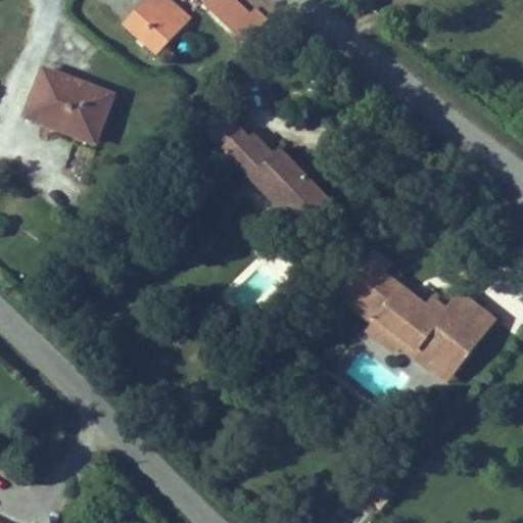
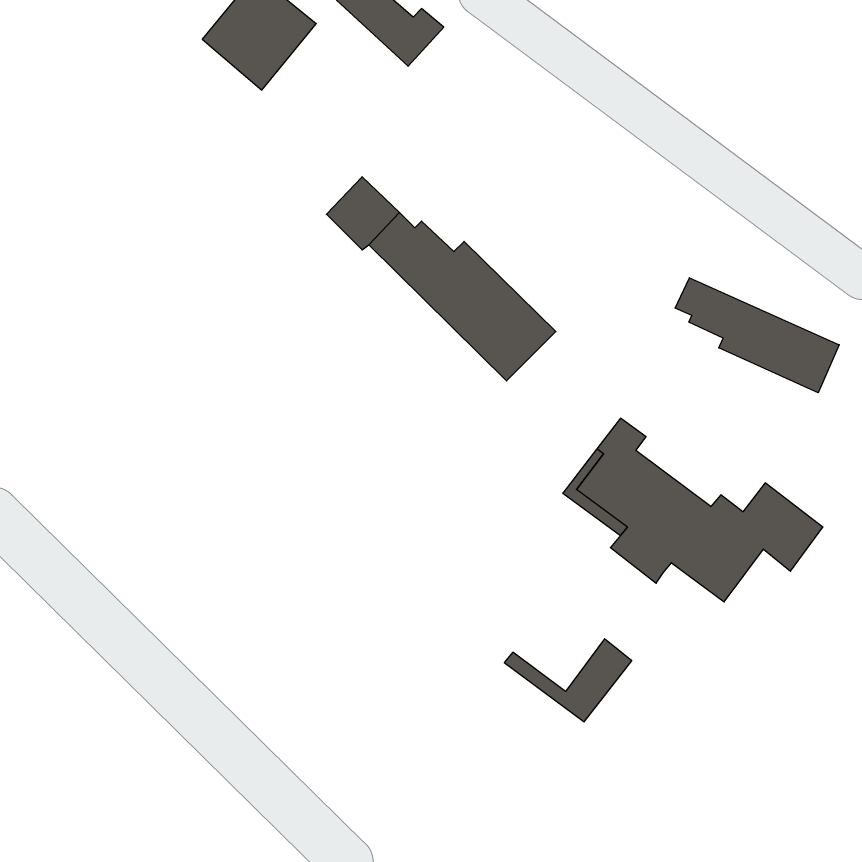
building: [22,64,115,144] -> none
building: none -> [675,278,839,393]
building: [398,330,475,380] -> [504,639,632,722]

